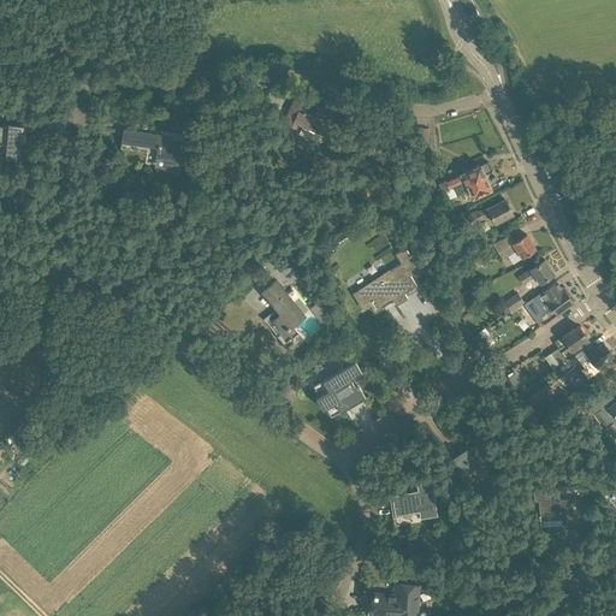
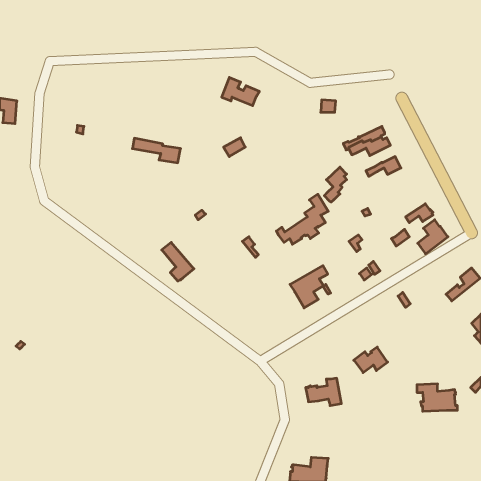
building: [120,130,182,161] -> [132,138,181,163]
building: none -> [324,167,347,202]
building: [491,235,535,260] -> none
building: [262,283,303,332] -> [162,242,194,281]
building: [550,327,587,366] -> none
building: [312,362,363,416] -> [290,266,331,308]

